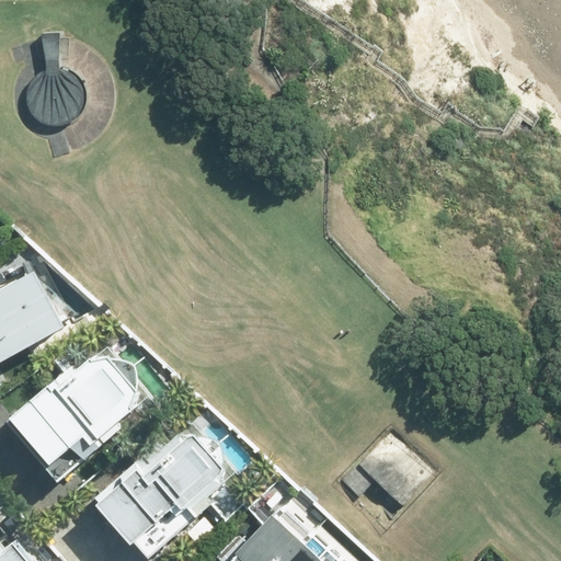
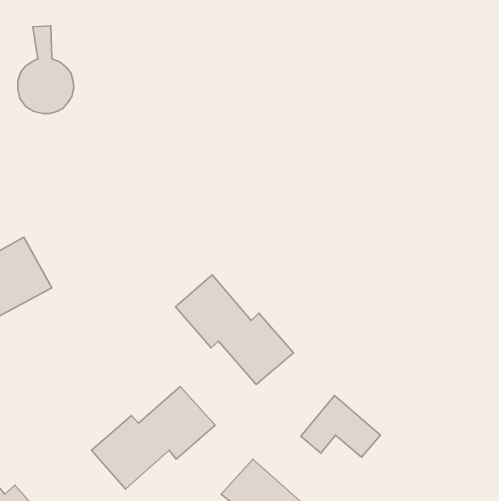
building: none -> [175,275,294,385]
building: [18,352,146,465] -> none

